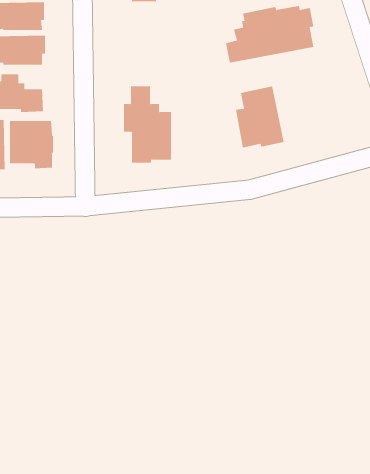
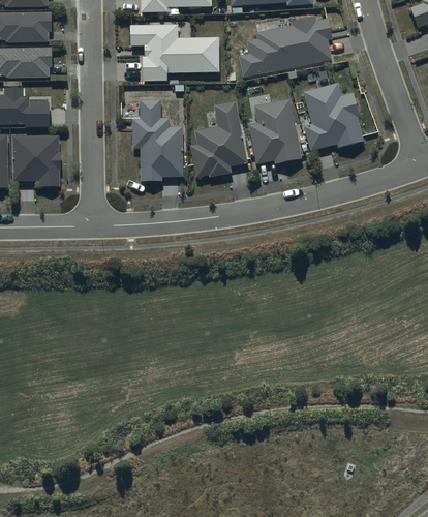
building: none -> [130,24,219,81]
building: none -> [303,83,363,150]
building: none -> [191,100,248,177]

